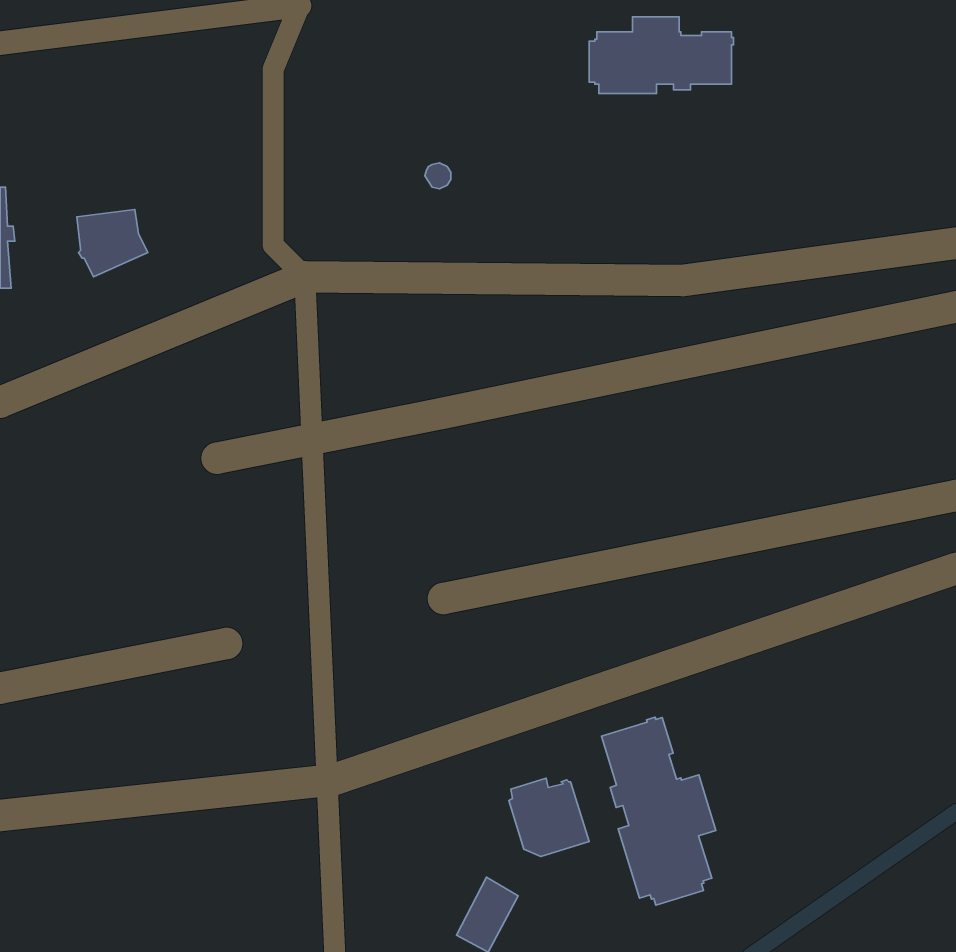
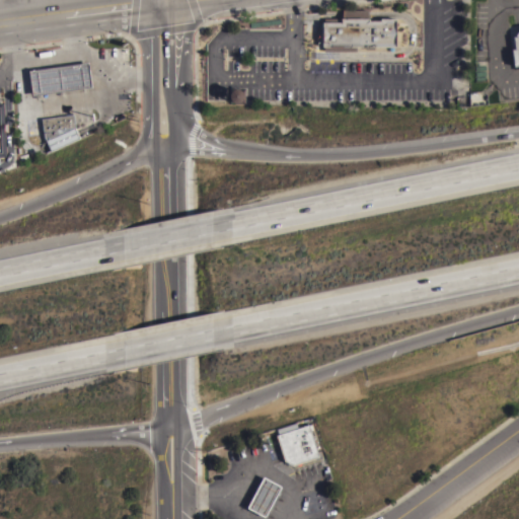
building: none -> [28,63,92,96]
building: [601,717,716,905] -> none

